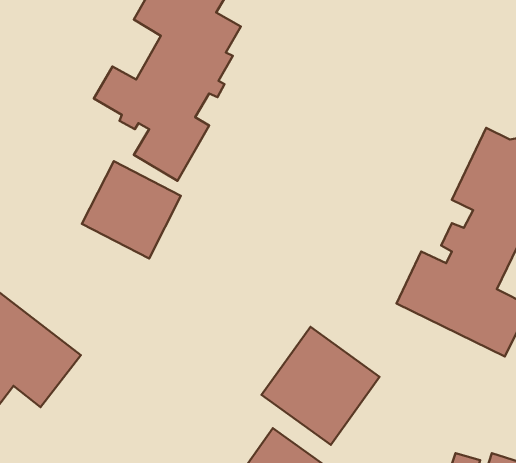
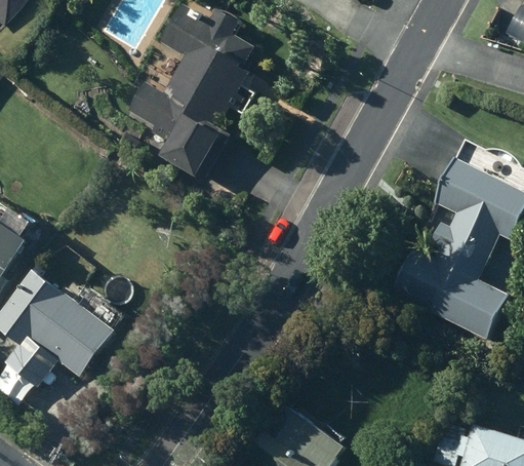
building: [82,161,181,258] -> none
building: [262,327,380,445] -> none

